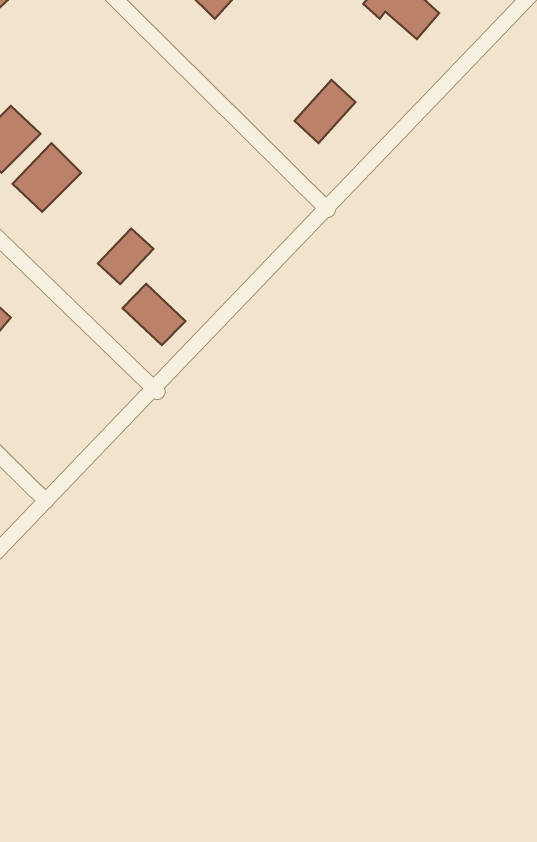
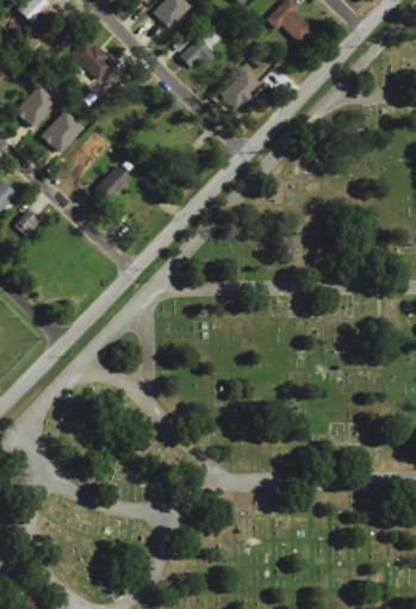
building: none -> [179,26,221,67]
building: none -> [69,38,113,80]
building: [123,284,186,345] -> none

